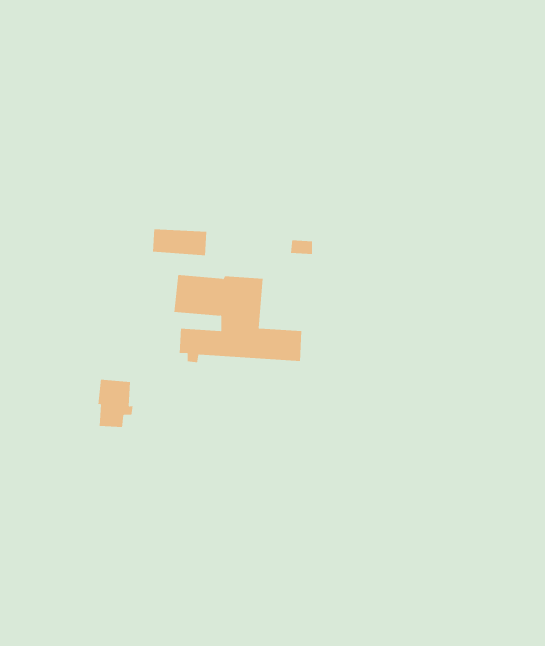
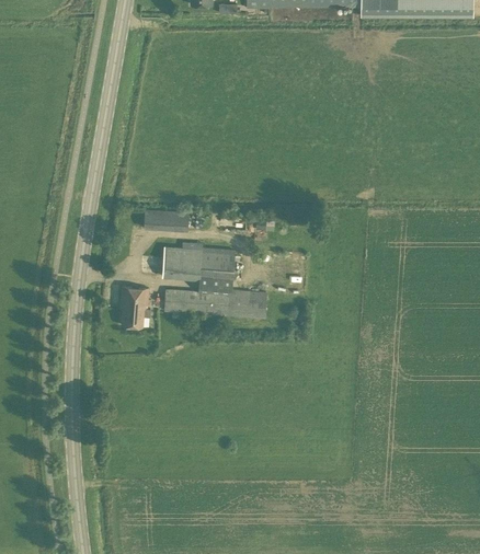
building: [97,379,134,427] -> [121,286,150,325]

